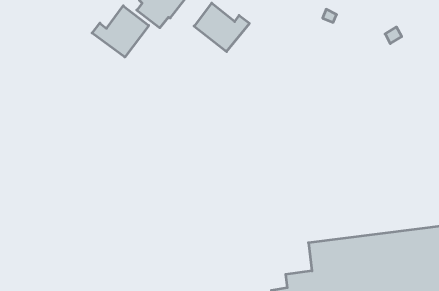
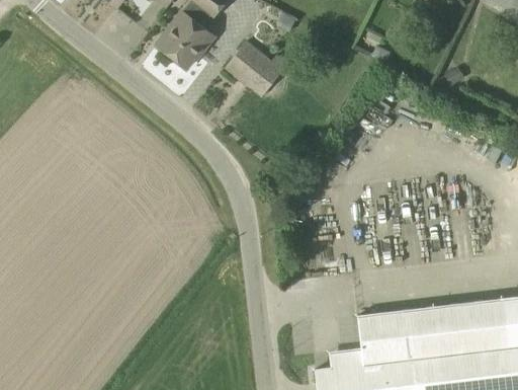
building: [92,6,149,57] -> none

